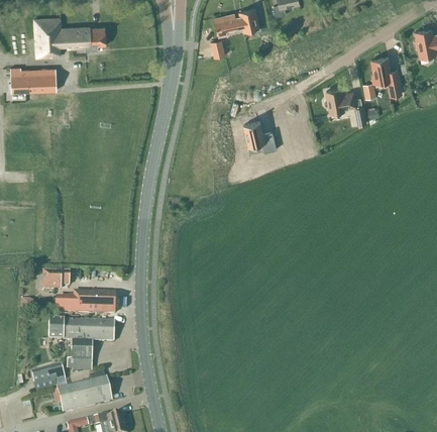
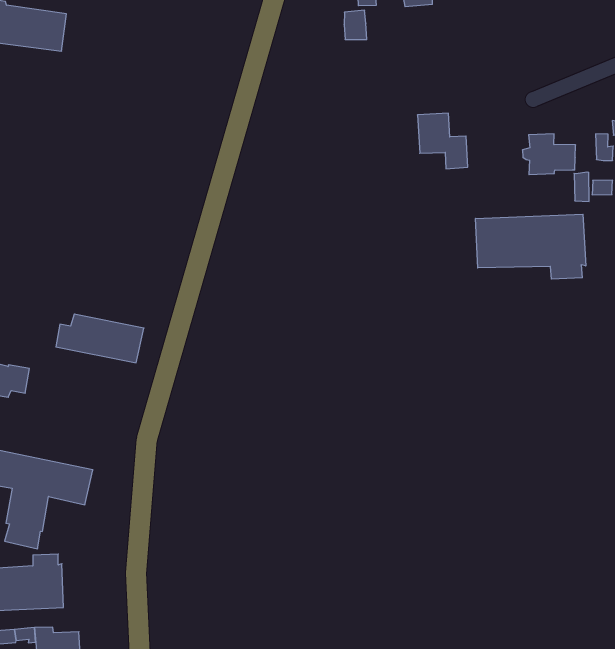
building: [242,120,276,151] -> [417,113,468,169]
building: none -> [476,214,586,279]
building: [68,292,115,313] -> [56,314,144,363]

